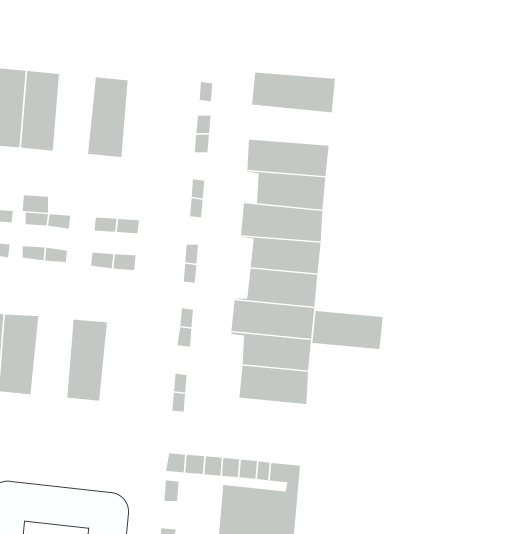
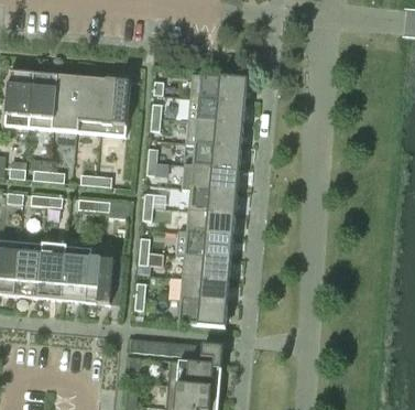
building: none -> [52,75,80,131]
building: none -> [99,79,129,136]
building: none -> [186,97,244,125]
building: [312,310,383,350] -> [177,300,227,327]
building: none -> [36,242,65,300]
building: none -> [84,247,123,304]

